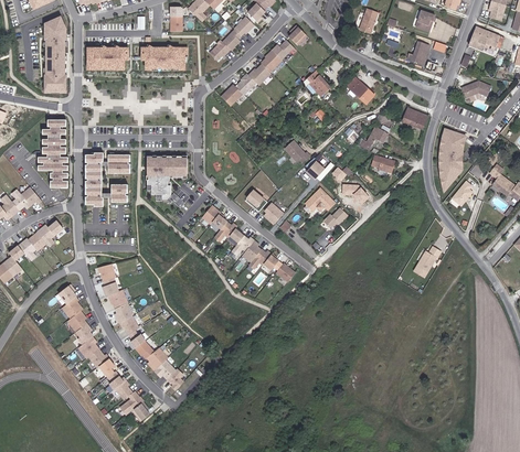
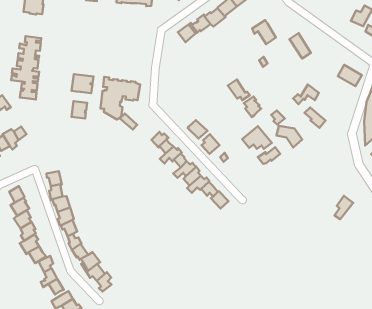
building: [87,151,105,205] -> none

